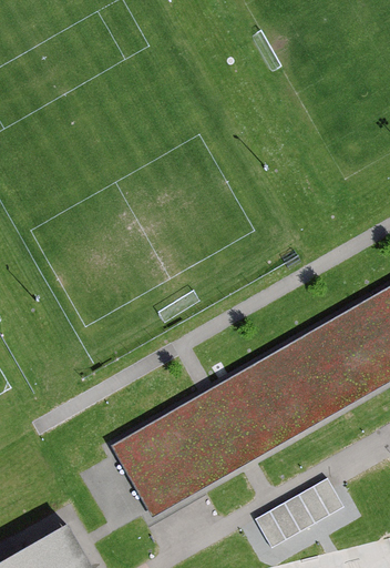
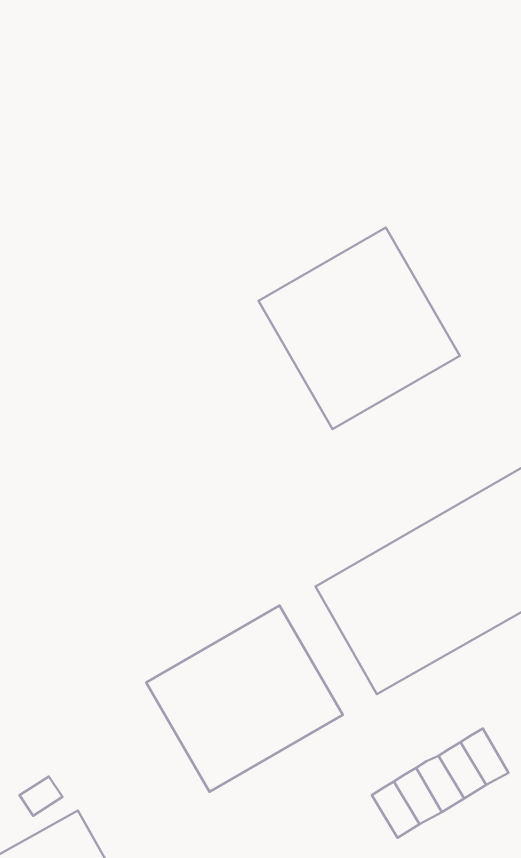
building: none -> [258,227,460,429]
building: [197,384,260,467] -> none

